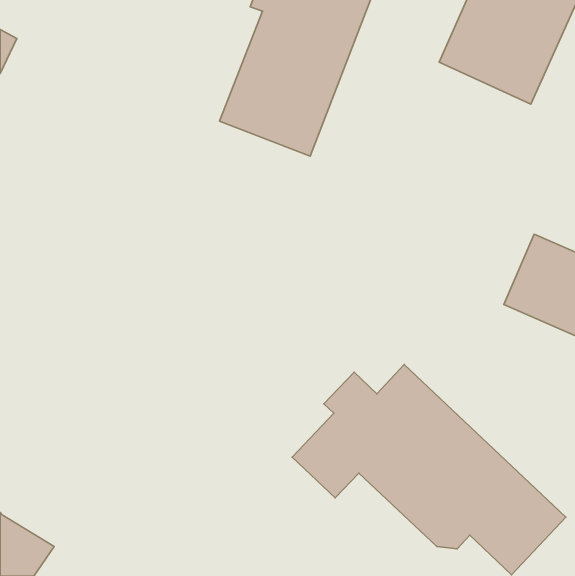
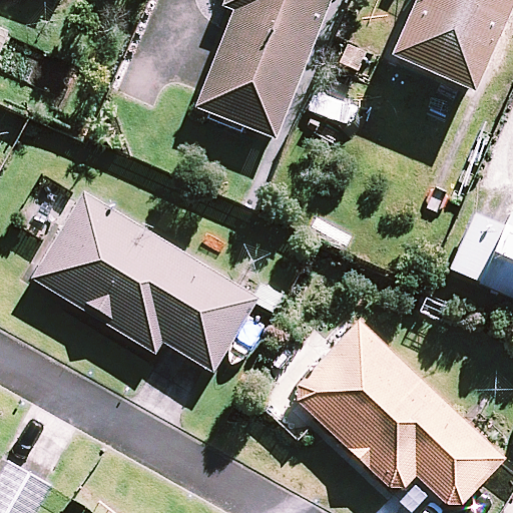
building: none -> [32,194,256,371]

